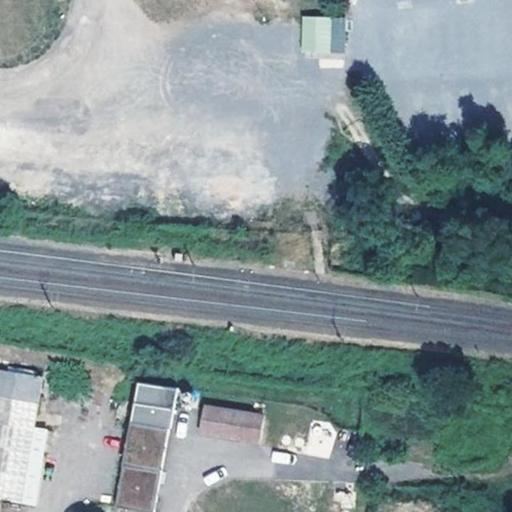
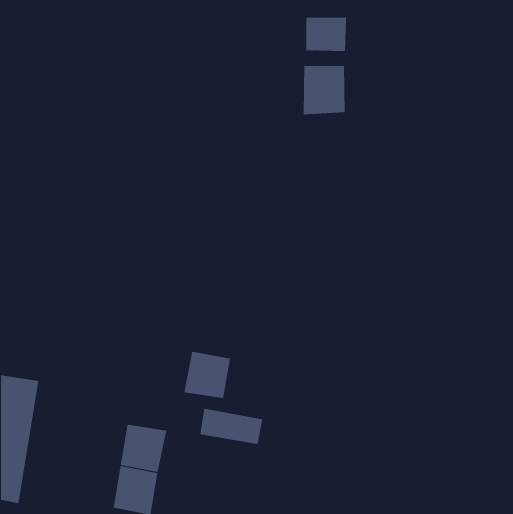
building: none -> [303,65,345,115]
building: [128,381,175,428] -> [183,351,231,399]

